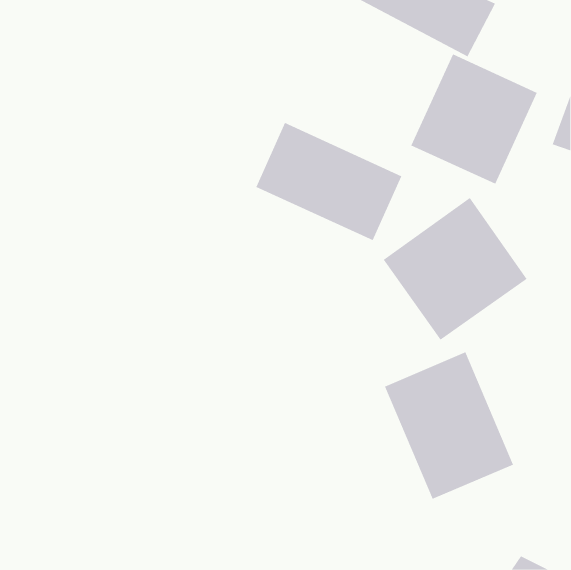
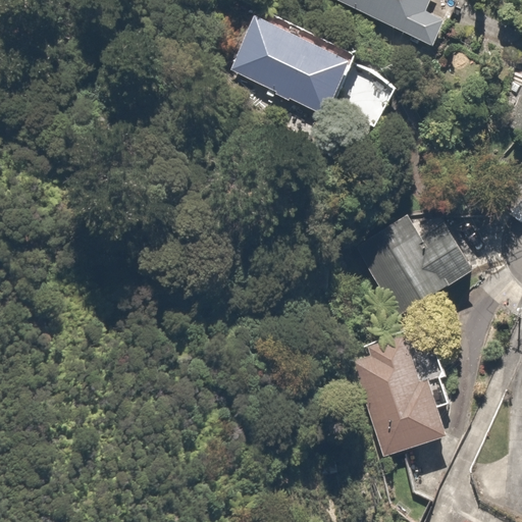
building: [411,54,537,184] -> none
building: [255,122,402,241] -> [226,16,360,124]

